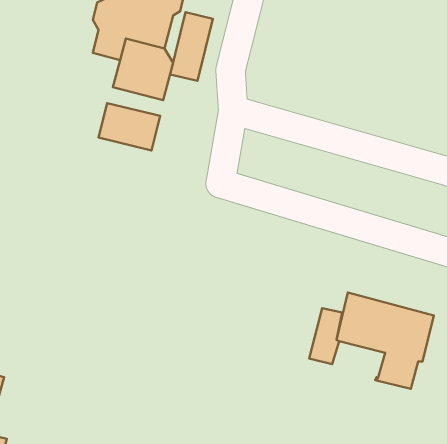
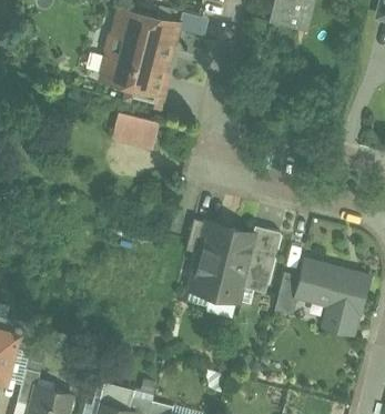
building: [170,12,213,81] -> none
building: none -> [186,220,280,304]

